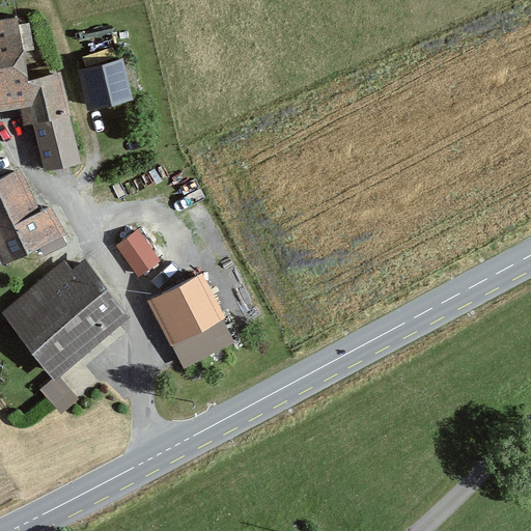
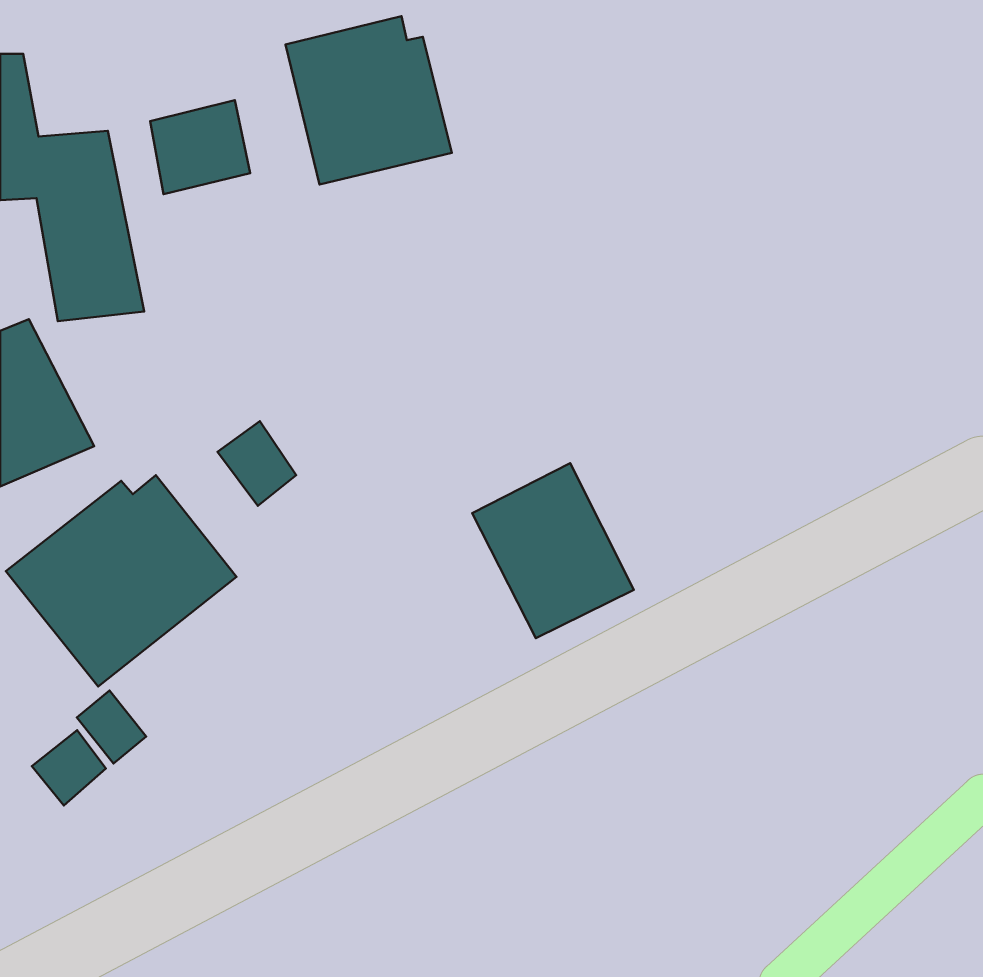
building: none -> [285,16,452,185]
building: [148,273,235,367] -> [472,463,634,638]
building: none -> [32,730,106,806]

